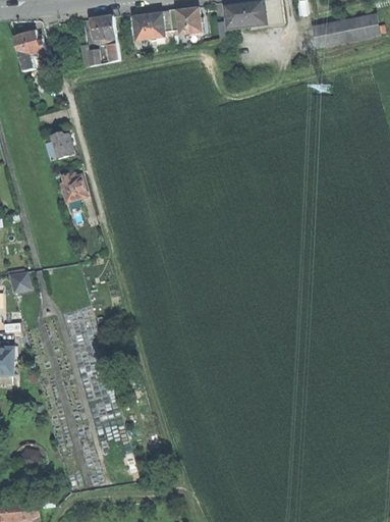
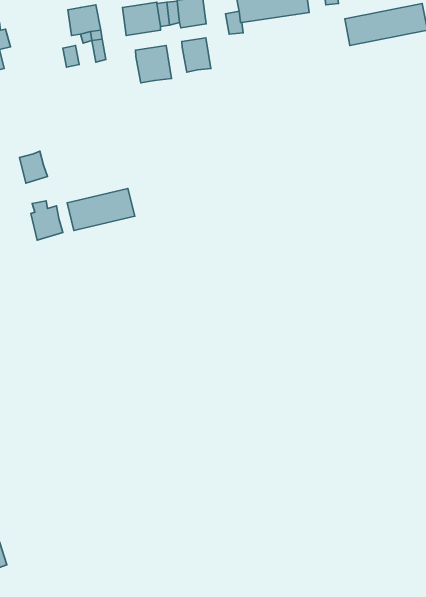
building: none -> [182,38,211,72]
building: none -> [135,46,171,83]
building: none -> [67,188,135,231]

